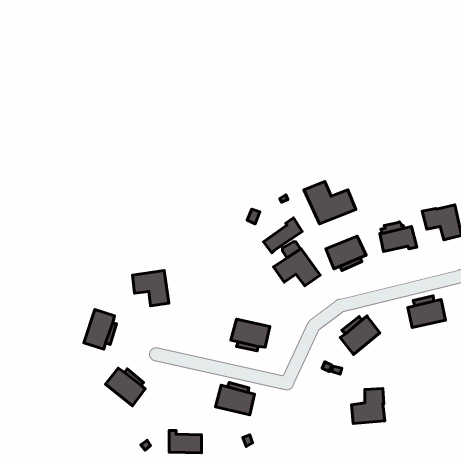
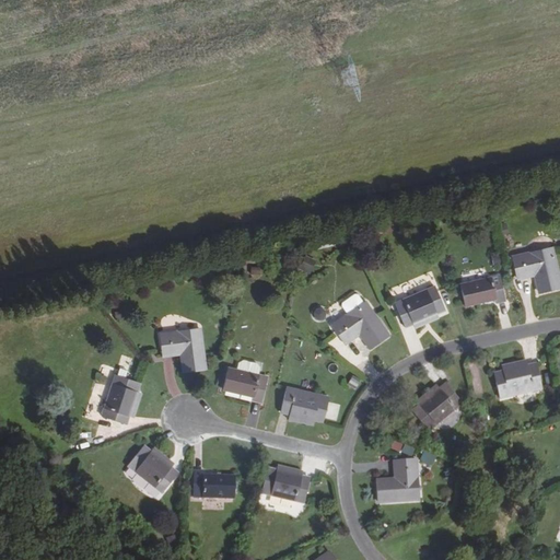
building: [304,181,356,224] -> none
building: [264,218,302,253] -> none
building: none -> [223,368,267,401]
building: [351,388,385,424] -> [377,459,418,502]
building: [169,430,202,453] -> [194,470,233,498]

